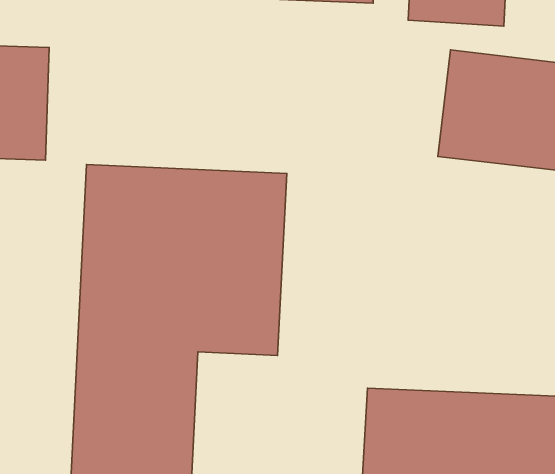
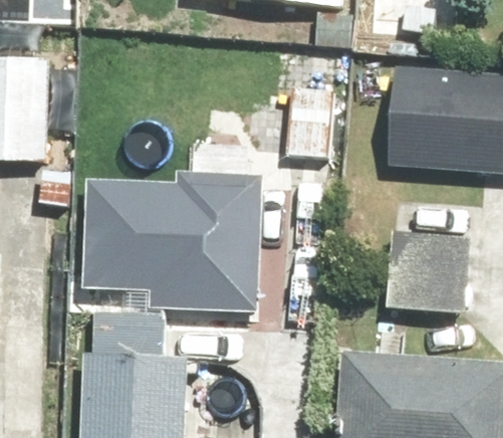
building: none -> [388,235,474,321]

